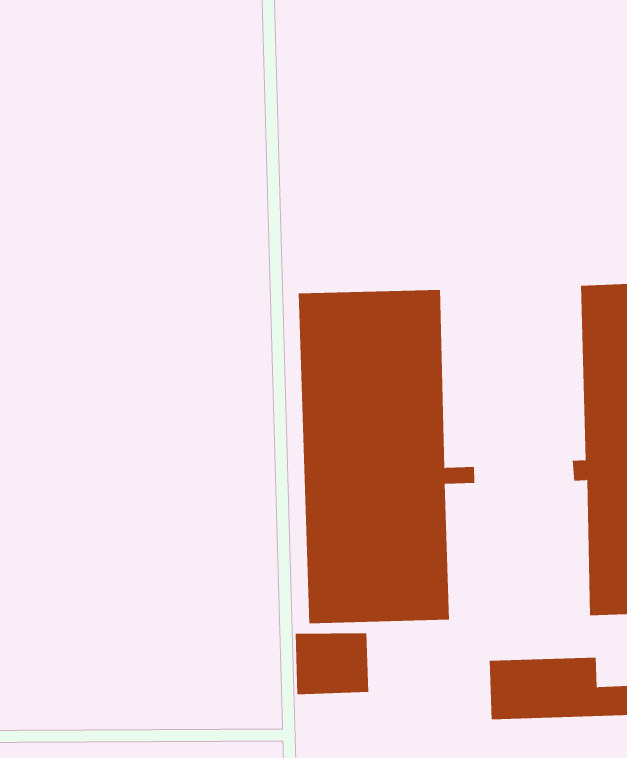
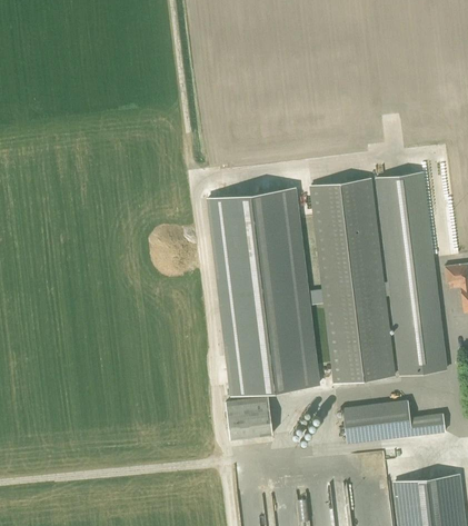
building: none -> [312,178,394,384]

